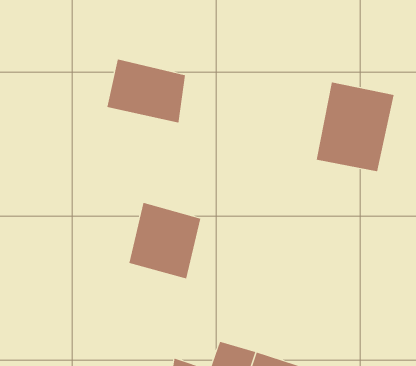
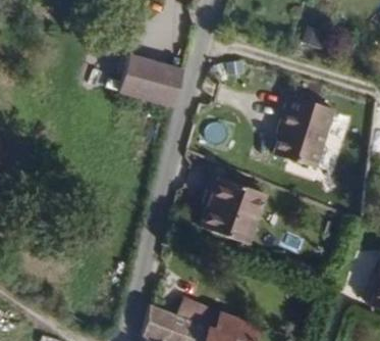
building: [128,202,201,279] -> [208,170,268,234]

